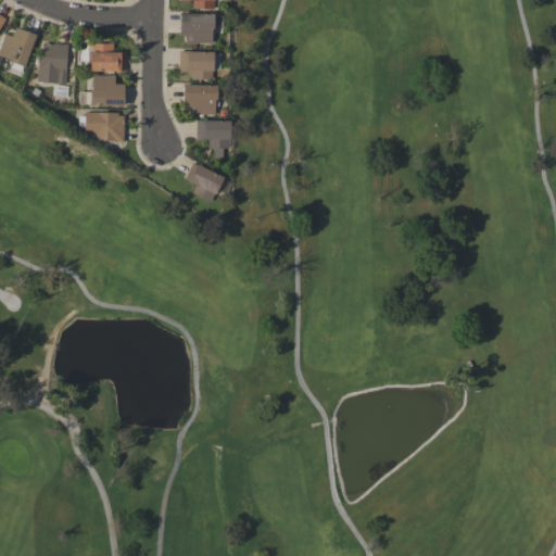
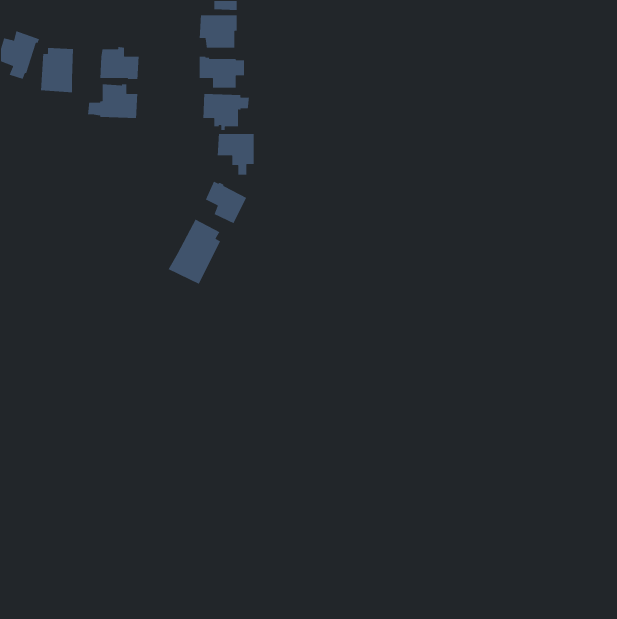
building: [85,111,125,141] -> none
building: none -> [168,218,221,285]

